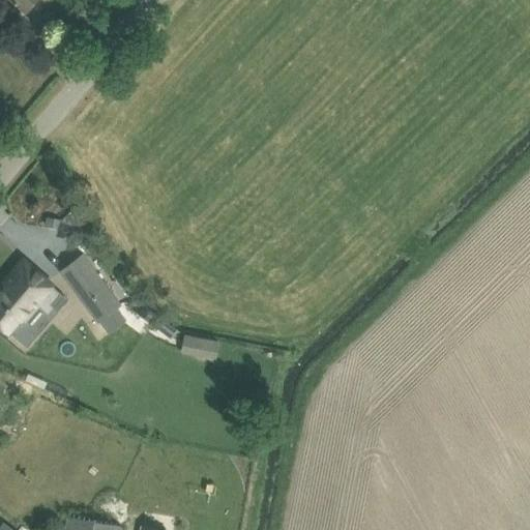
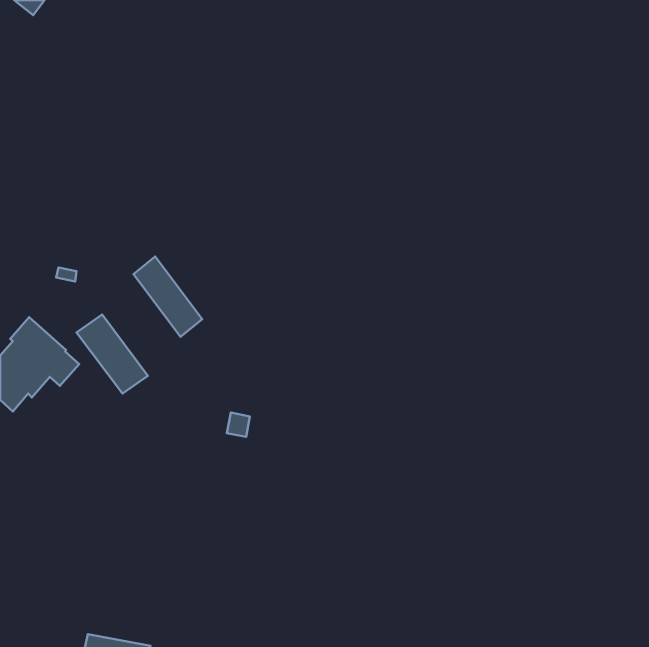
building: none -> [134,257,202,337]

